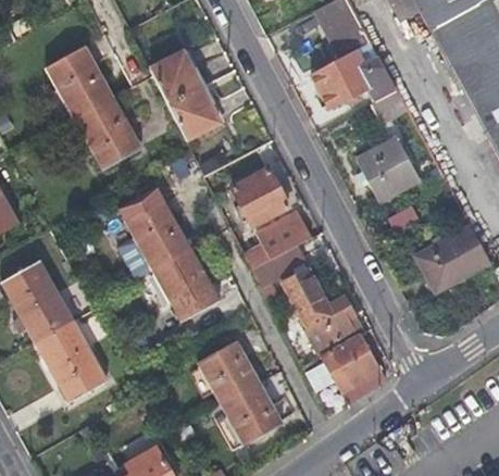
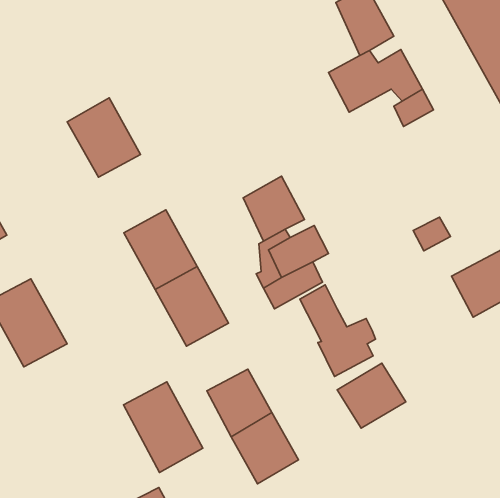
building: [47,46,112,118] -> none
building: [149,51,220,140] -> none
building: [357,136,415,197] -> none
building: [35,318,107,400] -> [123,382,203,472]

